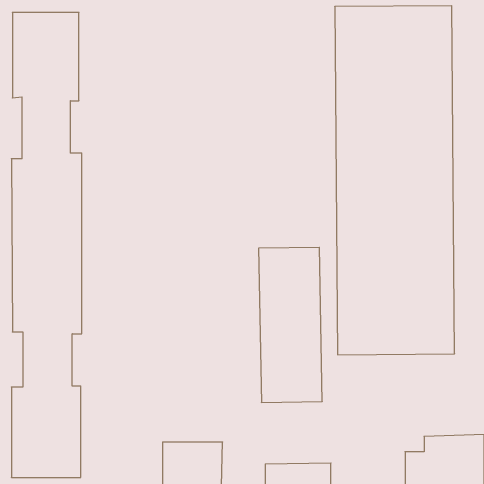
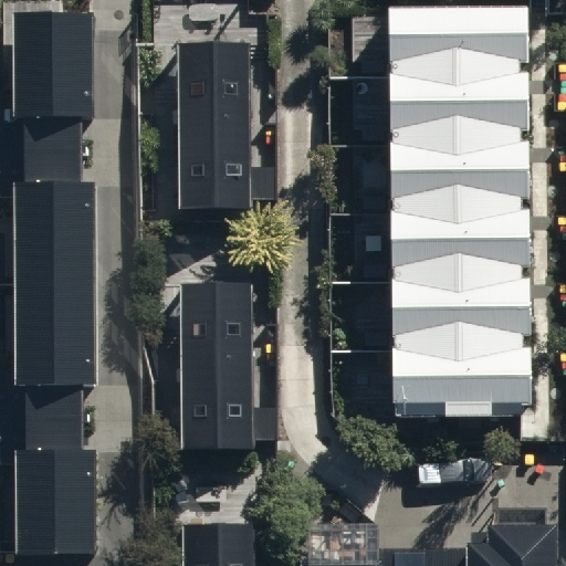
building: none -> [182,33,254,207]
building: [259,247,322,402] -> [185,271,259,451]

